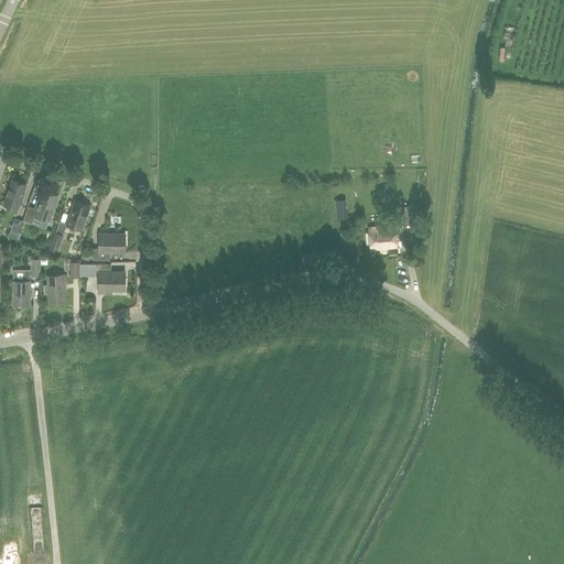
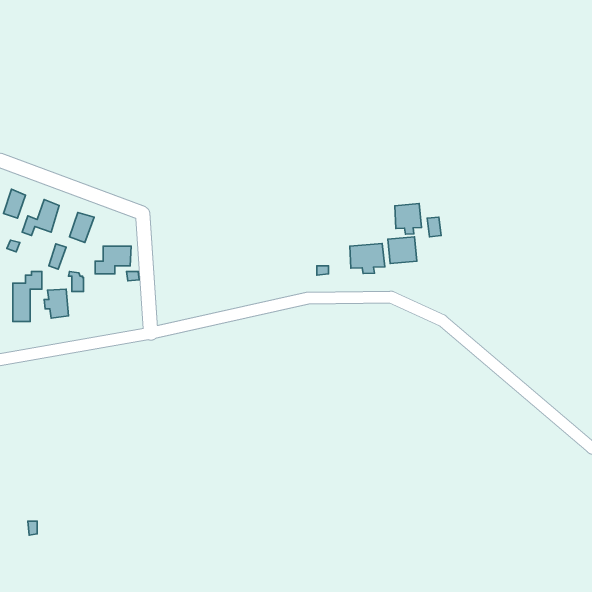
building: none -> [395,204,422,234]
building: none -> [350,243,385,274]
building: [98,264,123,294] -> none

